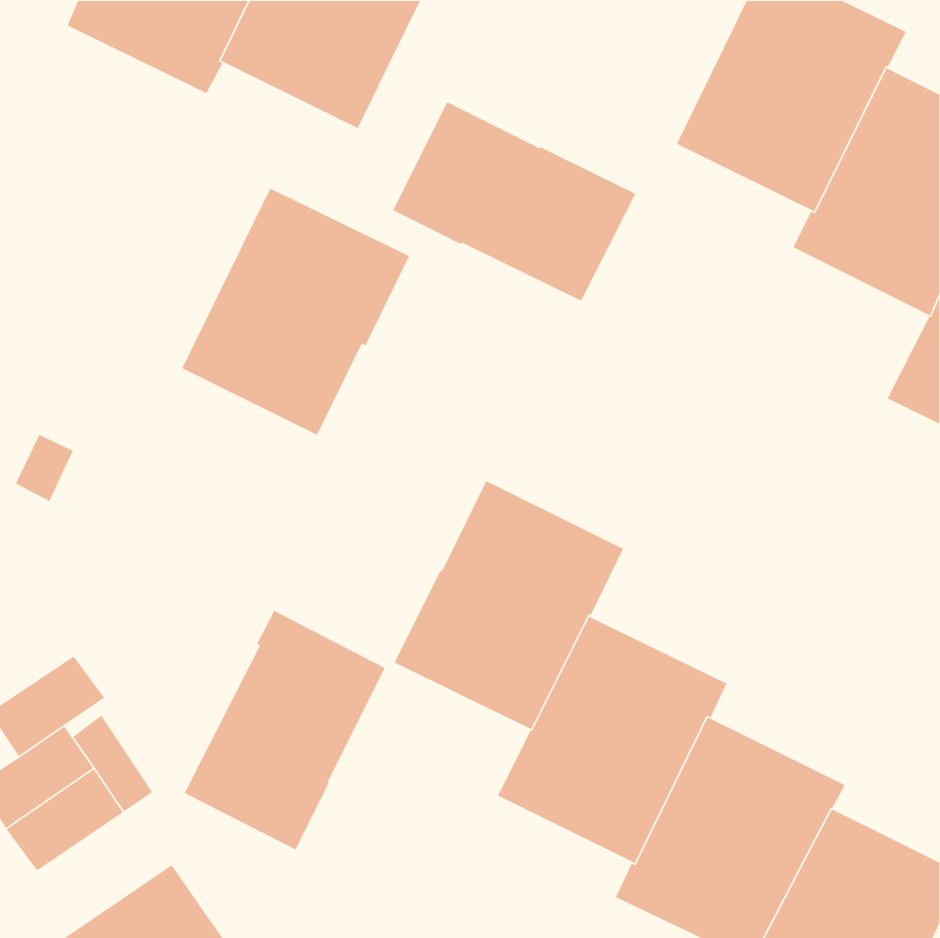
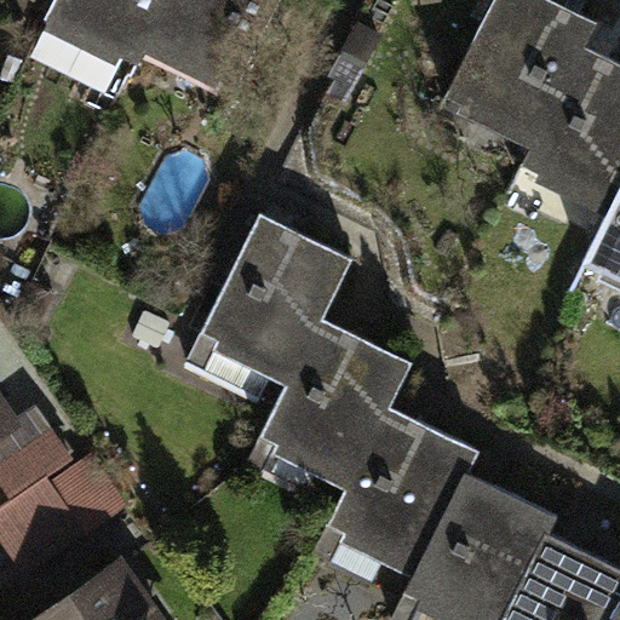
building: [392,101,636,301] -> none
building: [181,188,410,435] -> [200,216,350,378]
building: [184,610,386,851] -> none

